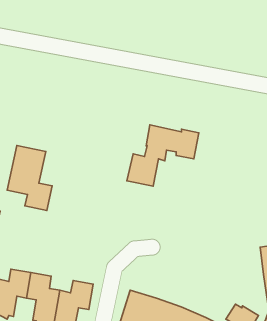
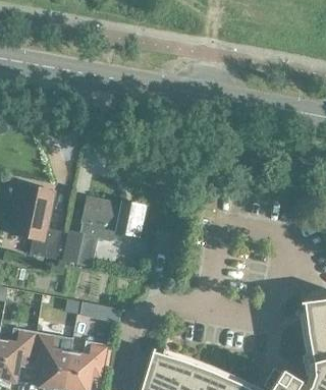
building: [127,125,199,186] -> [60,196,144,267]

